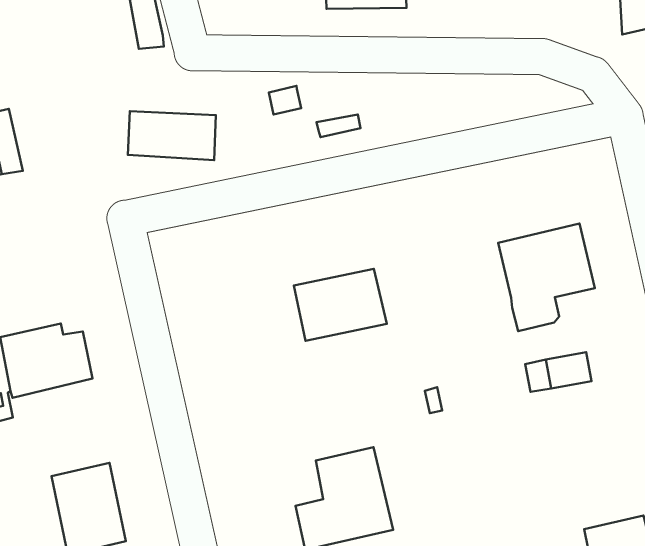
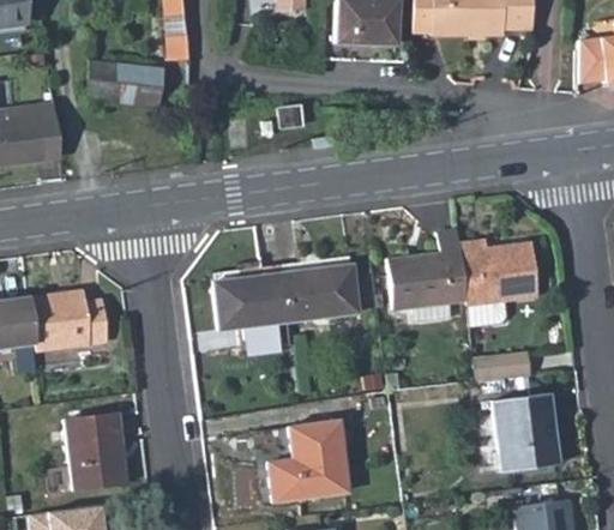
building: [128,111,216,160] -> [86,58,164,106]
building: none -> [392,234,469,323]
building: none -> [215,275,290,331]
building: none -> [495,395,561,474]

